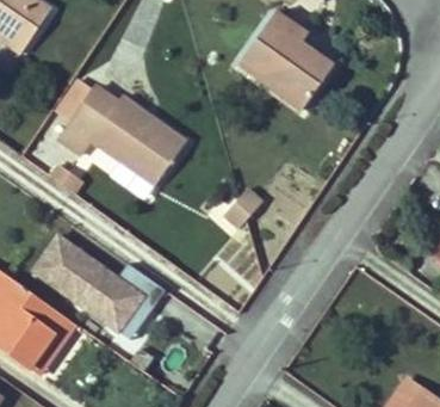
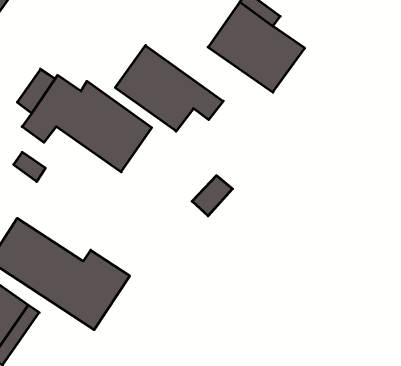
building: none -> [115,45,223,131]

